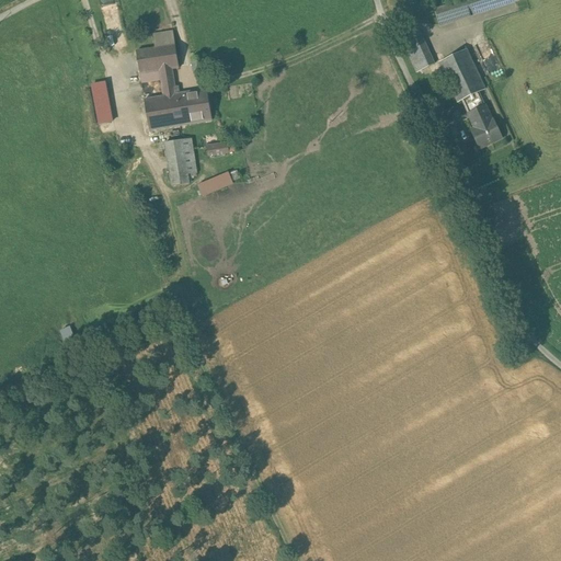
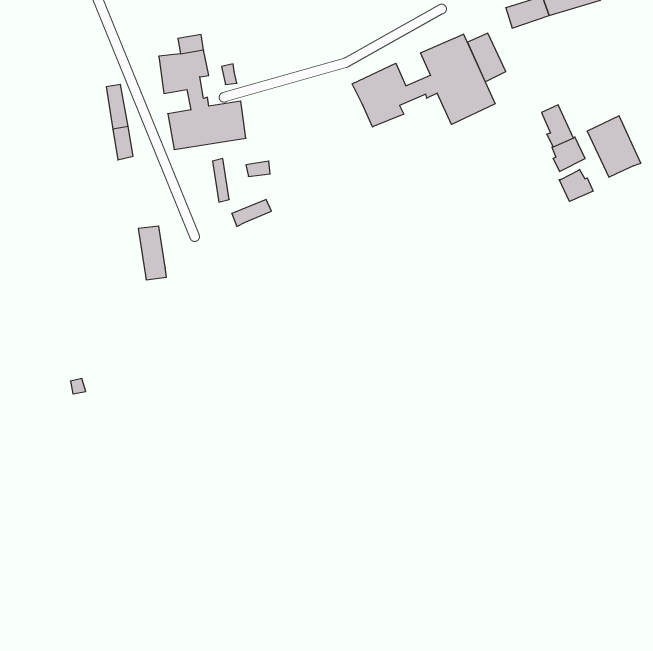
building: none -> [352,34,495,127]
building: [438,47,484,100] -> [587,116,641,177]
building: [164,138,188,184] -> [138,226,166,280]
building: none -> [559,169,593,201]

